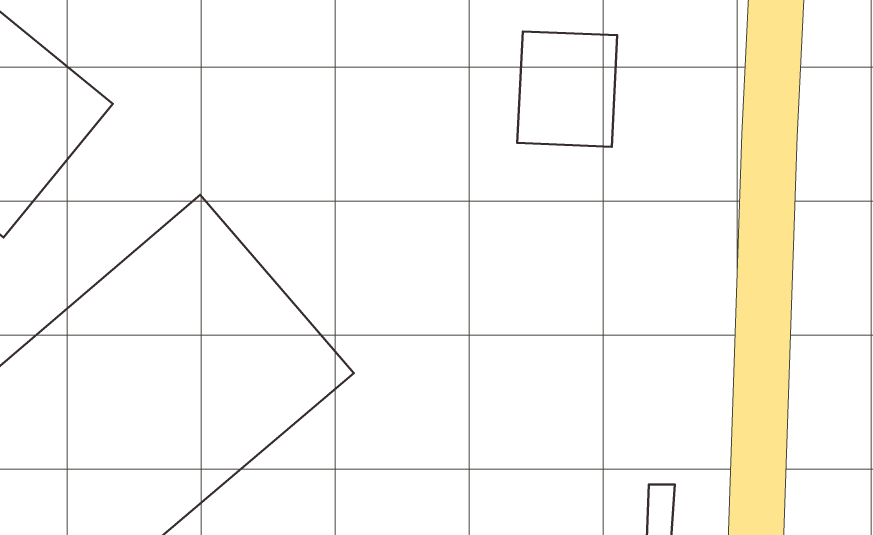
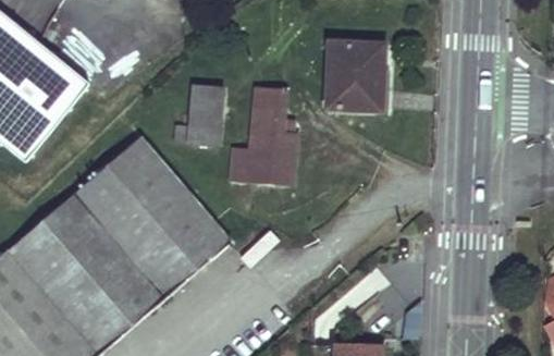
building: none -> [232,85,296,184]
building: none -> [176,87,220,142]

